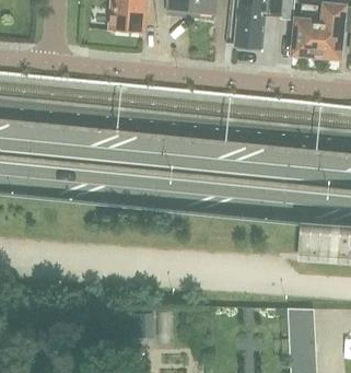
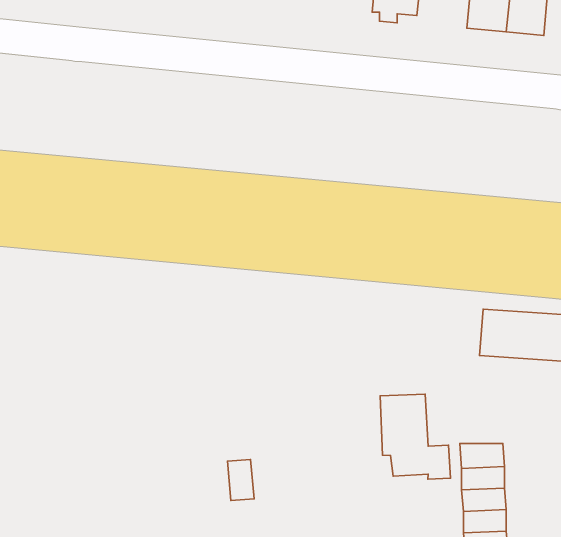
building: none -> [380,394,451,479]

